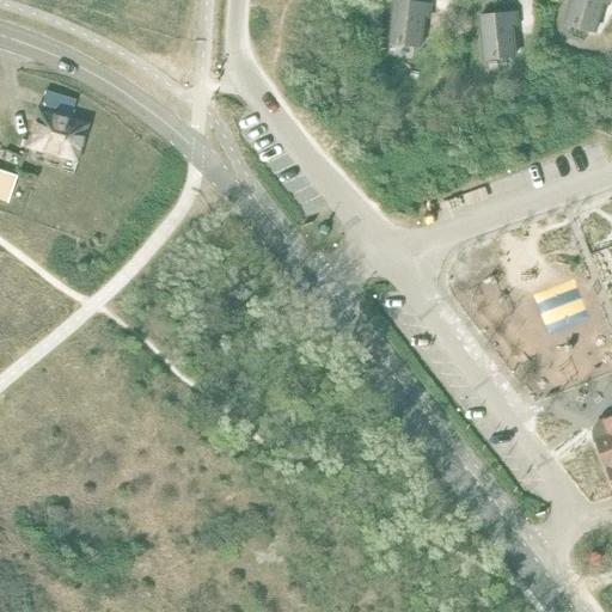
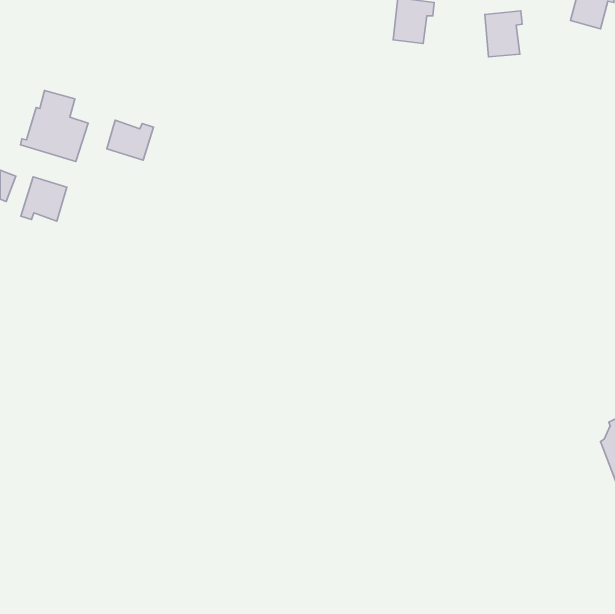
building: none -> [107,120,154,160]
building: none -> [21,177,67,221]

